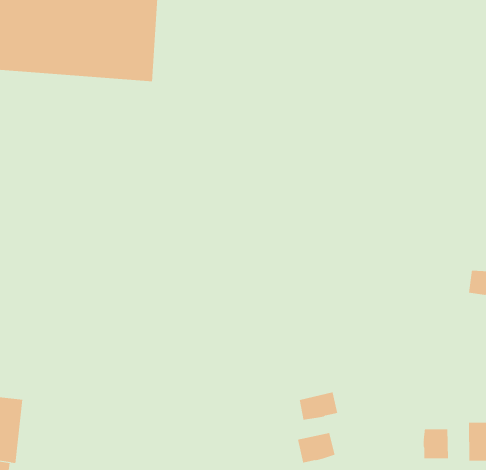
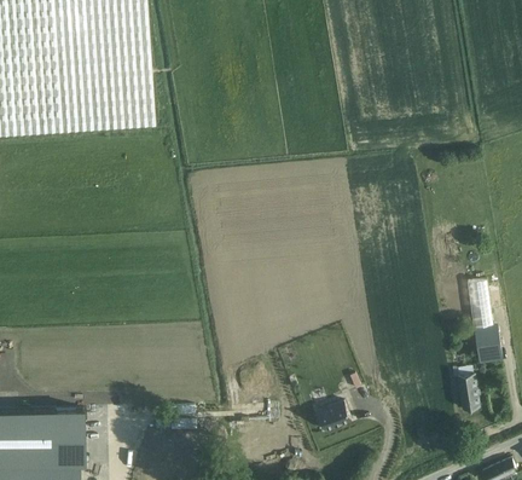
building: [299,392,338,420] -> none
building: [423,429,449,459] -> none

